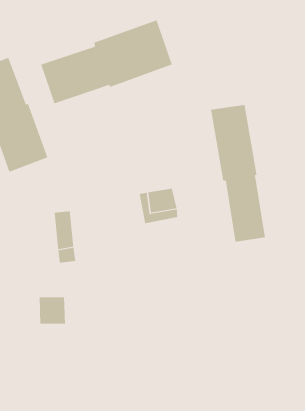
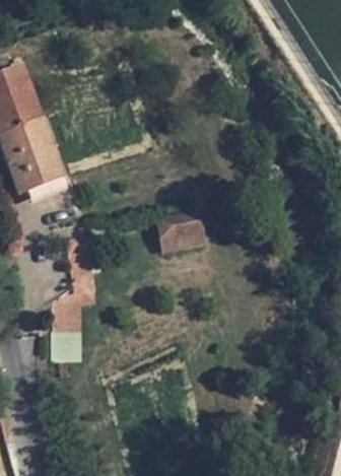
building: [40,20,172,104] -> none
building: [210,104,266,243] -> none

